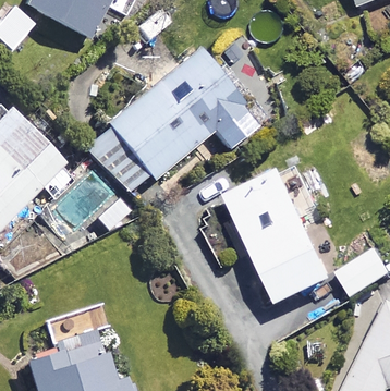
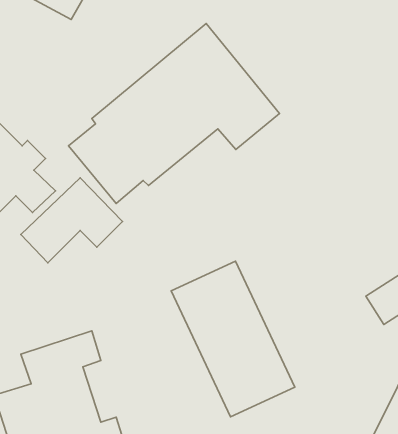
building: [227,170,331,302] -> [171,261,295,417]

